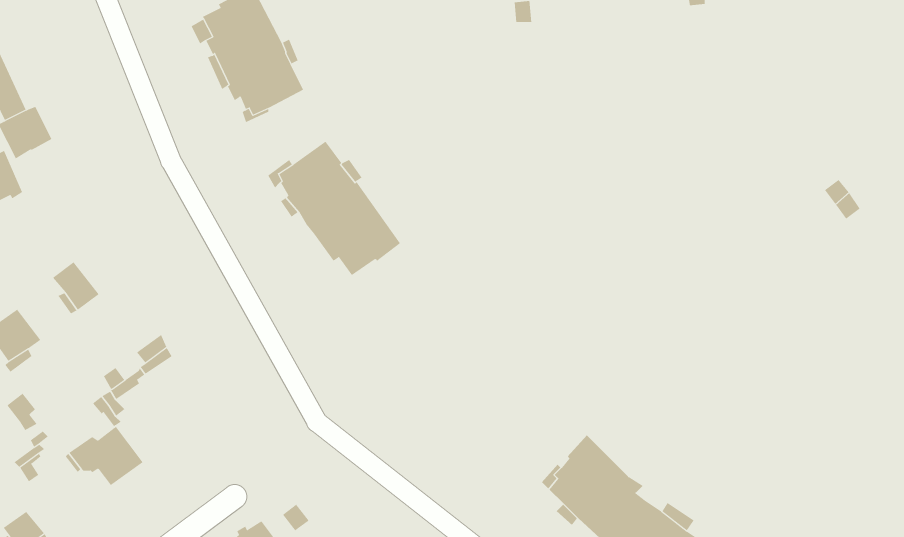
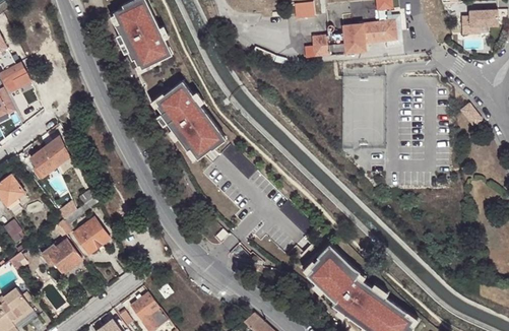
building: none -> [461,10,497,35]
building: none -> [314,21,398,56]
building: none -> [43,136,69,167]
building: none -> [74,218,109,254]

